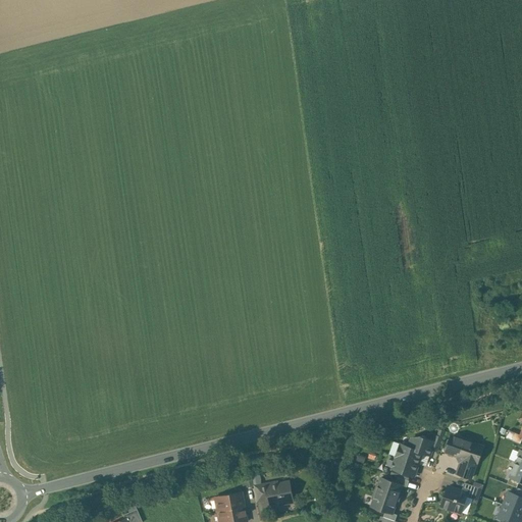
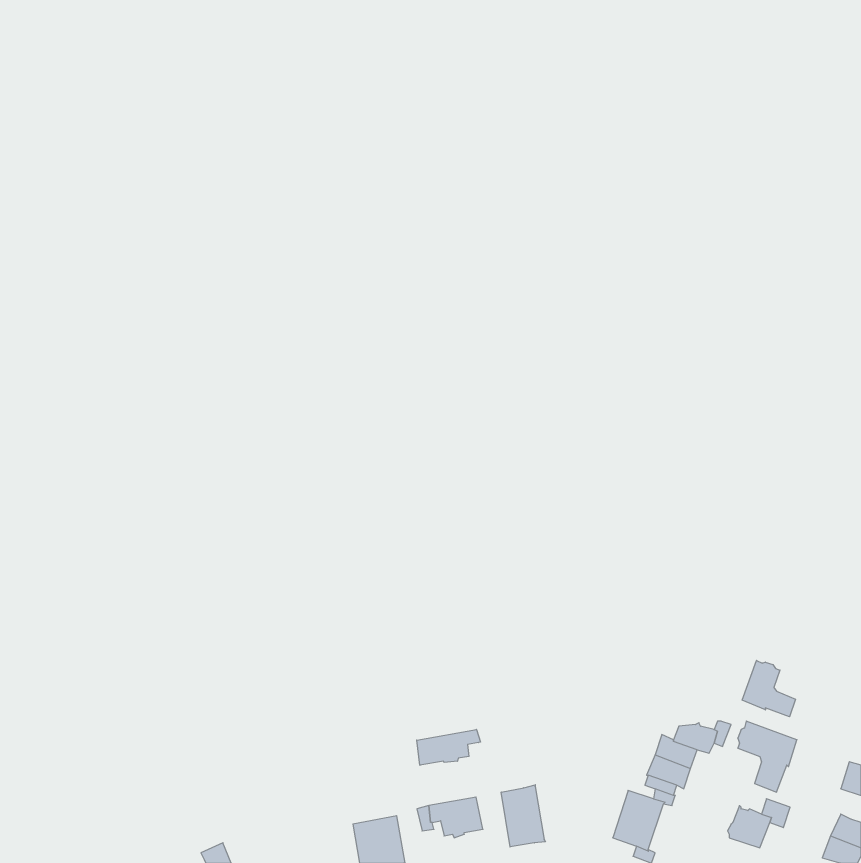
building: none -> [742,660,795,717]
building: none -> [417,729,480,765]
building: none -> [501,785,545,847]

